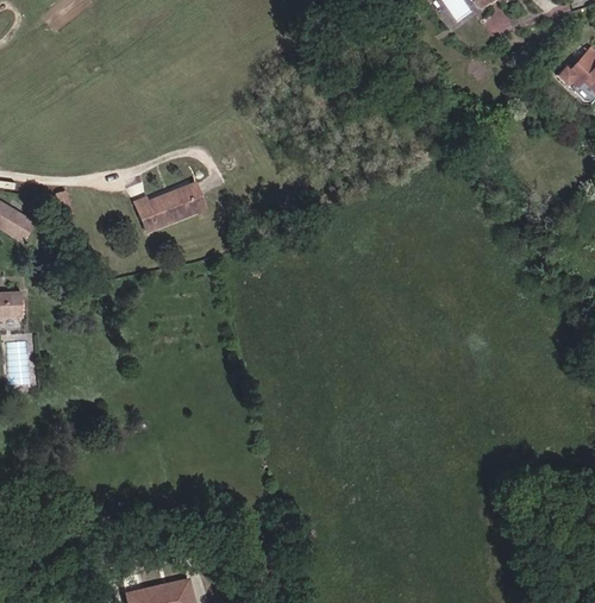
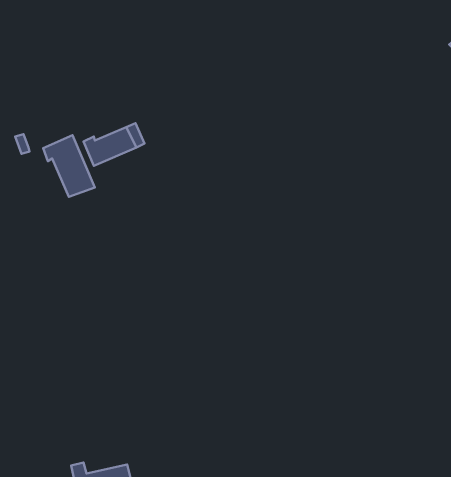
building: none -> [43,135,95,197]

